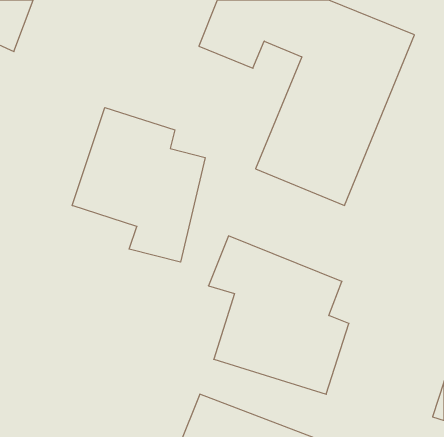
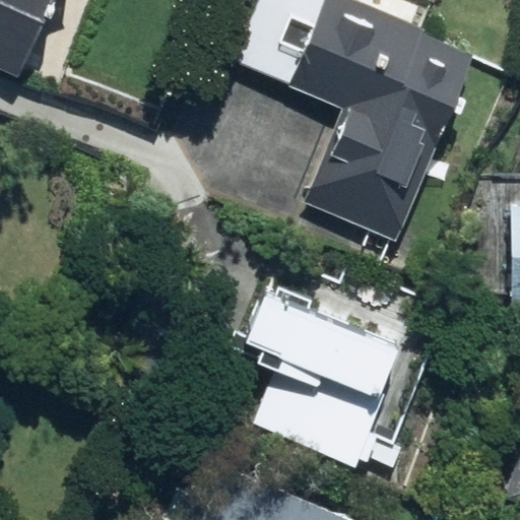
building: [72,108,205,262] -> none

